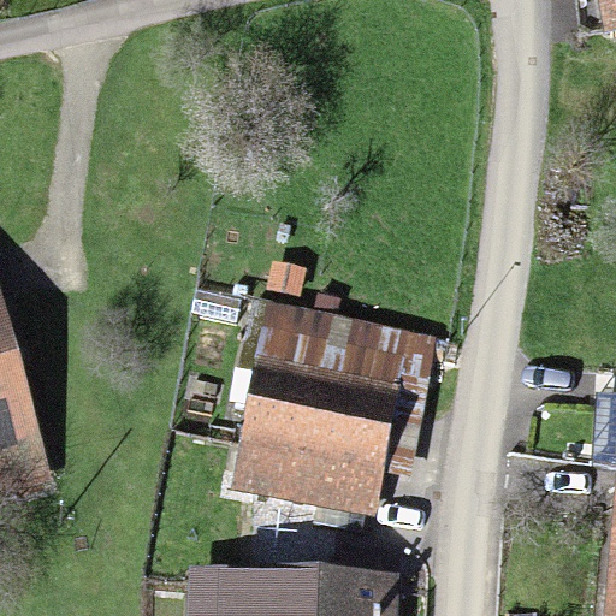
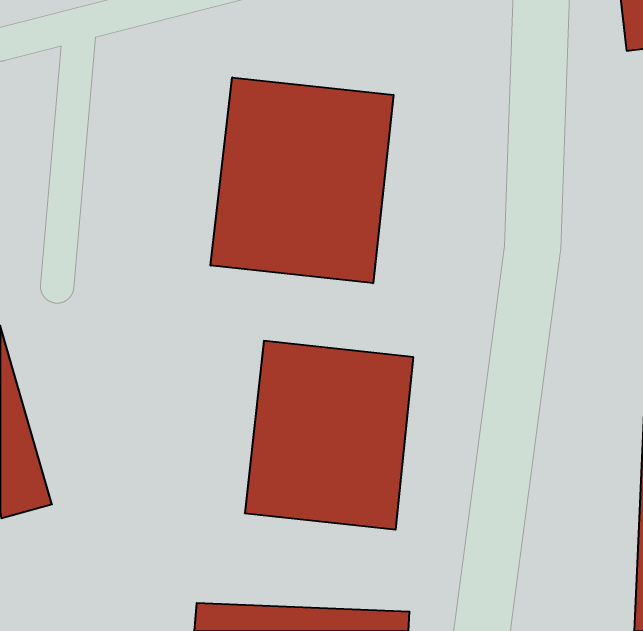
building: none -> [211,77,393,283]

